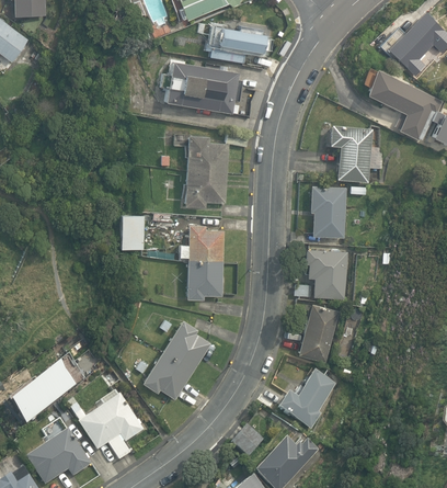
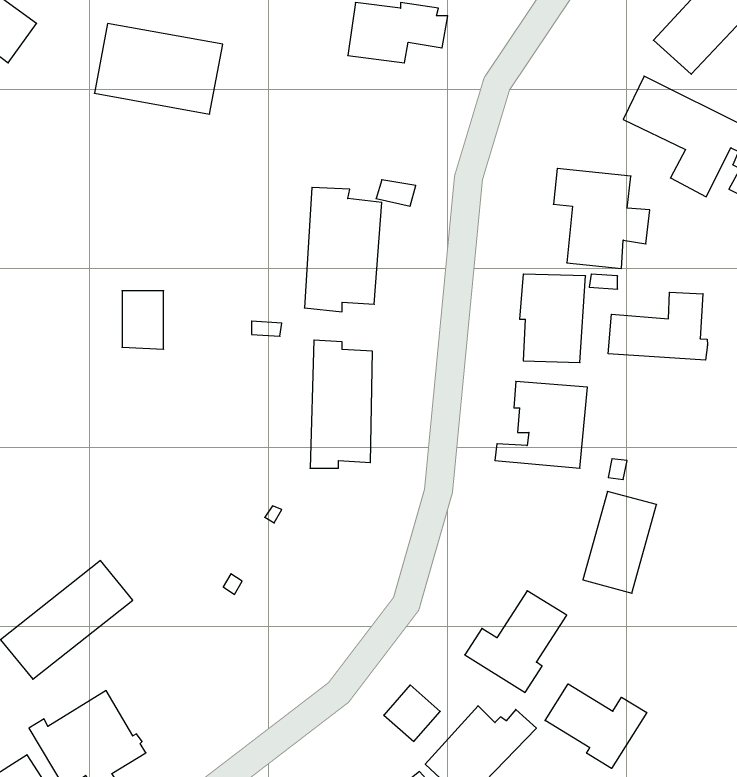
building: [164,61,239,114] -> [94,24,223,114]
building: none -> [608,292,707,360]
building: [121,216,145,250] -> [122,291,164,349]
building: [297,304,340,363] -> [583,491,657,593]
building: [141,320,211,399] -> none
building: [69,391,144,462] -> none
building: none -> [545,684,647,768]

